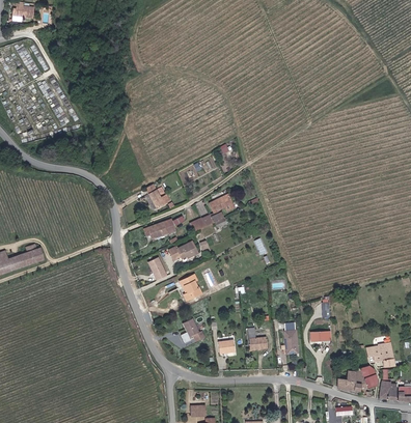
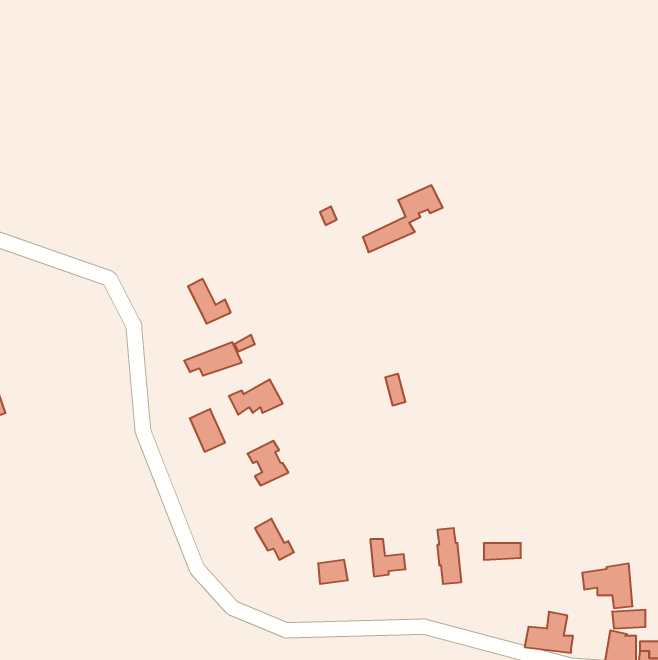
building: [189,194,234,231] -> [363,185,443,252]
building: [355,365,378,391] -> none

